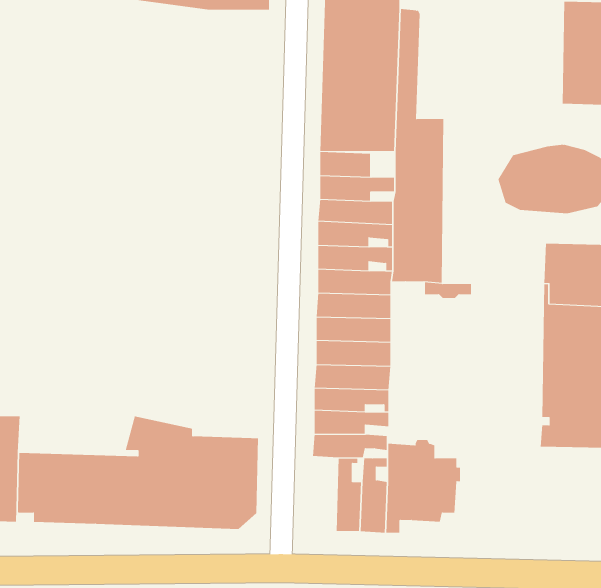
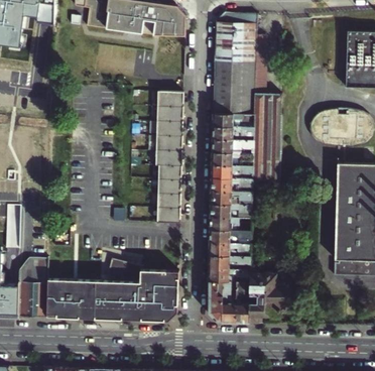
building: none -> [155,92,182,224]
building: none -> [207,281,222,323]

